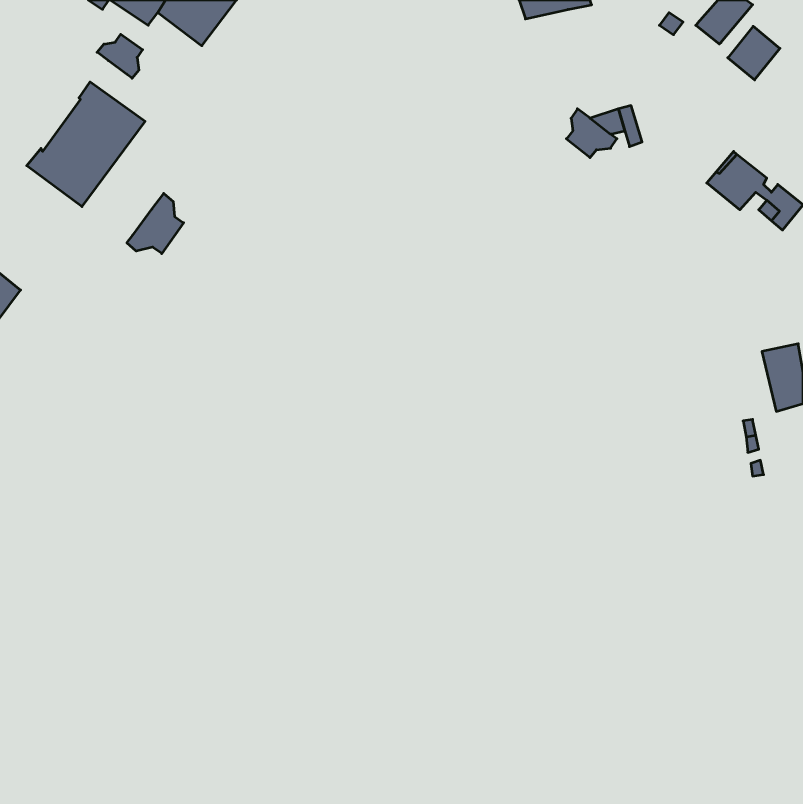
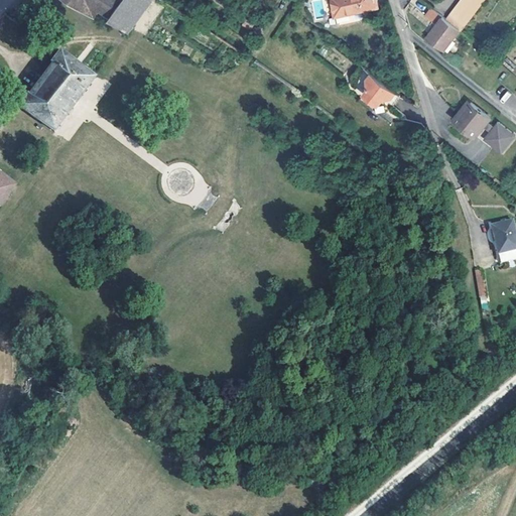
building: [728,26,780,80] -> [425,15,459,49]
building: [97,34,143,78] -> none
building: [127,193,184,254] -> none

